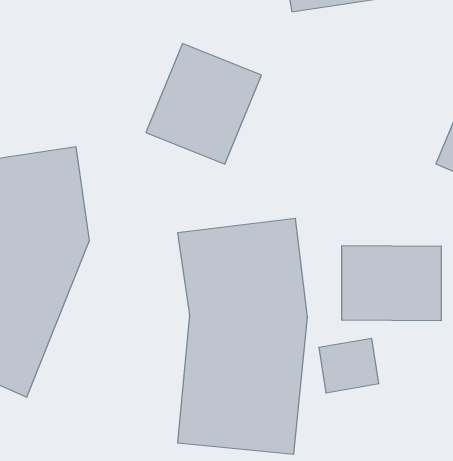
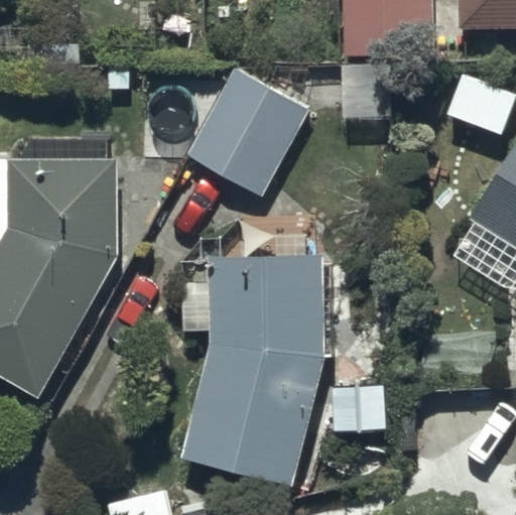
building: [342,246,441,321] -> none

